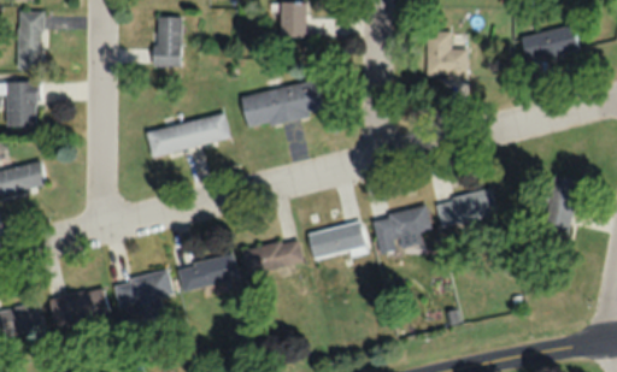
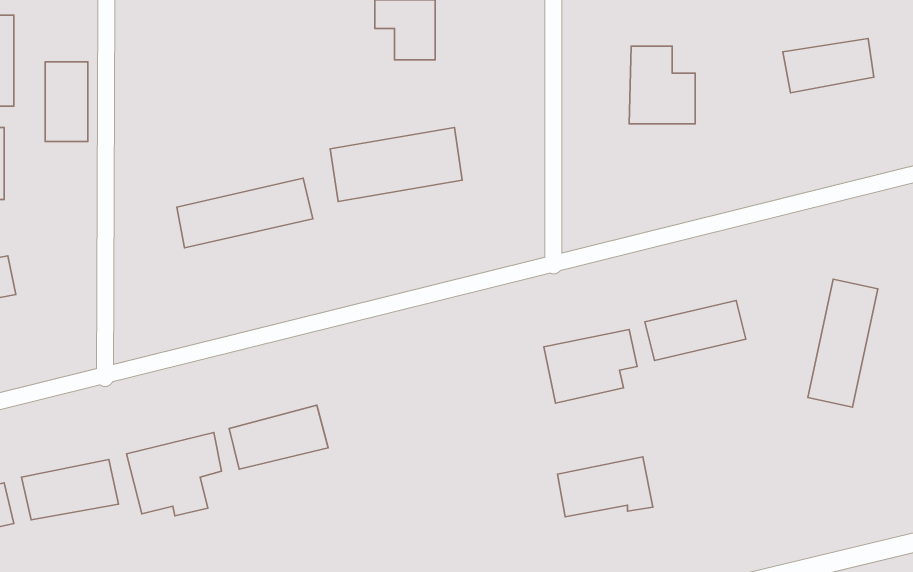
building: [155,17,182,66] -> [45,62,88,141]
building: [307,222,366,259] -> [558,457,653,517]
building: [242,238,302,276] -> none

